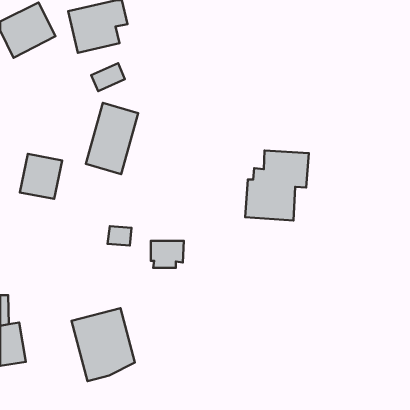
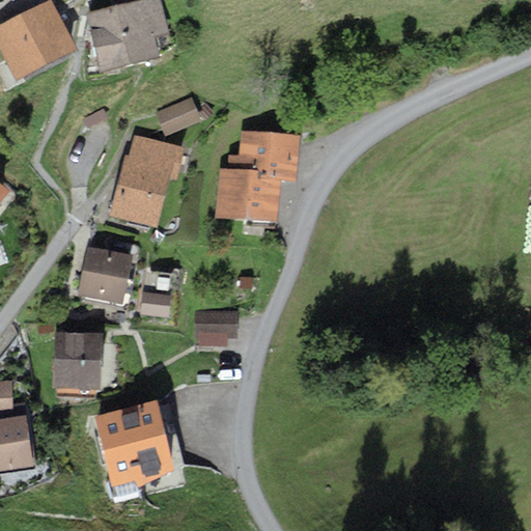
building: [91,63,125,91] -> [155,99,198,135]
building: [245,151,309,220] -> [216,132,298,222]
building: [20,154,62,199] -> [78,246,133,304]
building: none -> [51,332,102,389]

